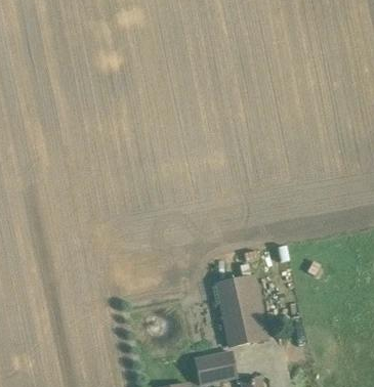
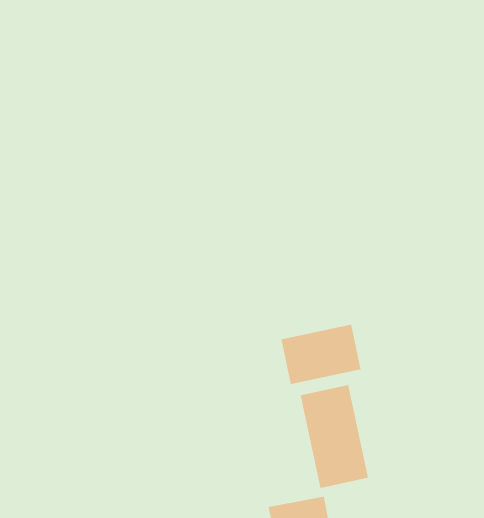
building: none -> [281,324,361,385]

